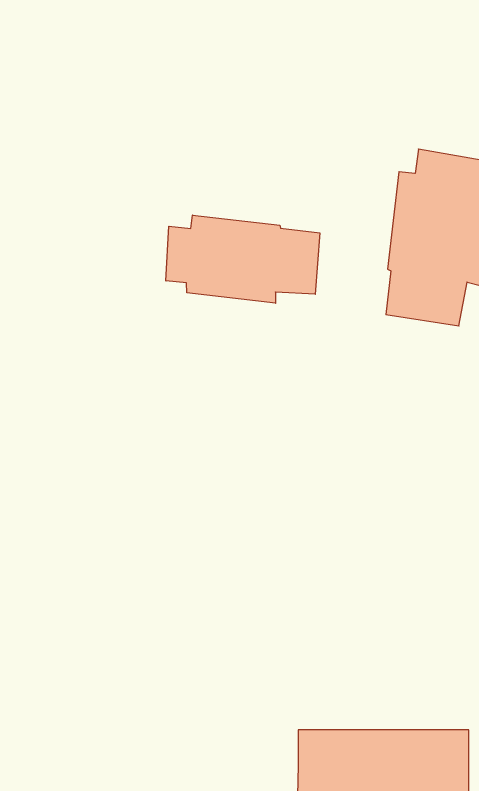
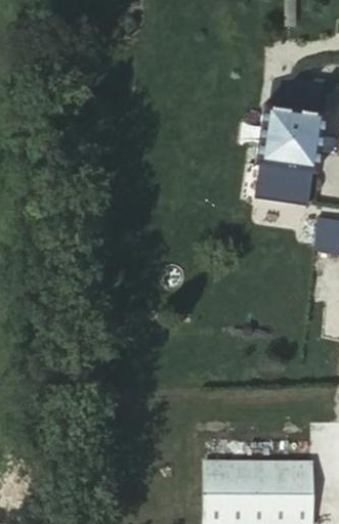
building: [166,215,320,303] -> none

